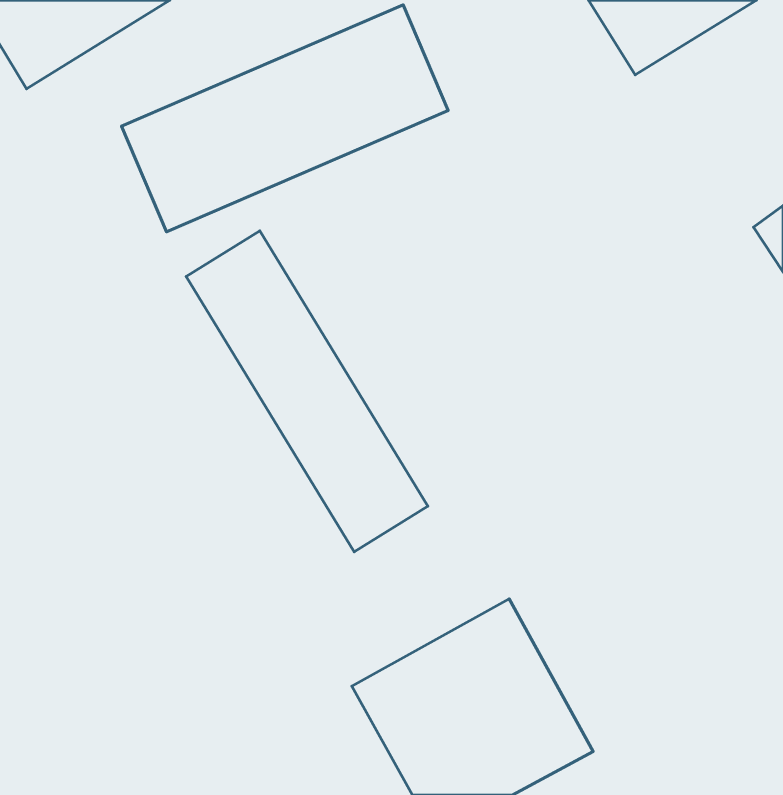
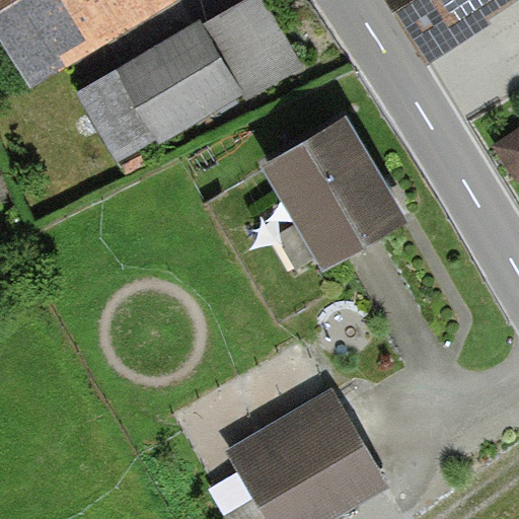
building: none -> [264,122,404,271]
building: [186,231,428,552] -> none

